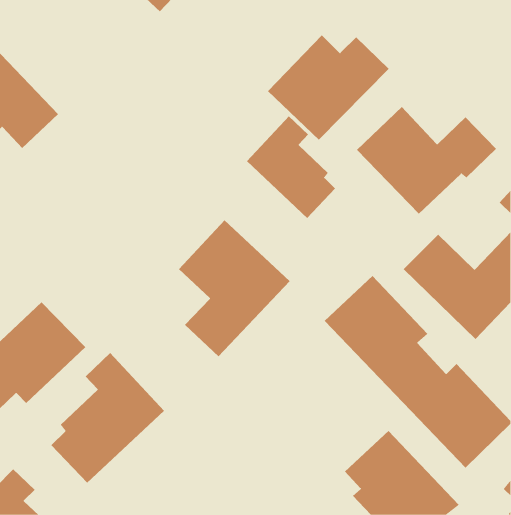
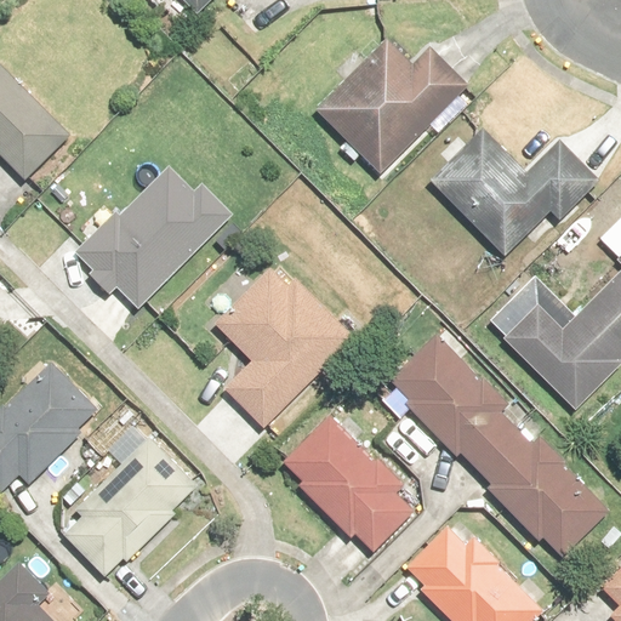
building: [246,115,336,219] -> none
building: none -> [75,169,235,314]
building: none -> [285,417,415,551]

